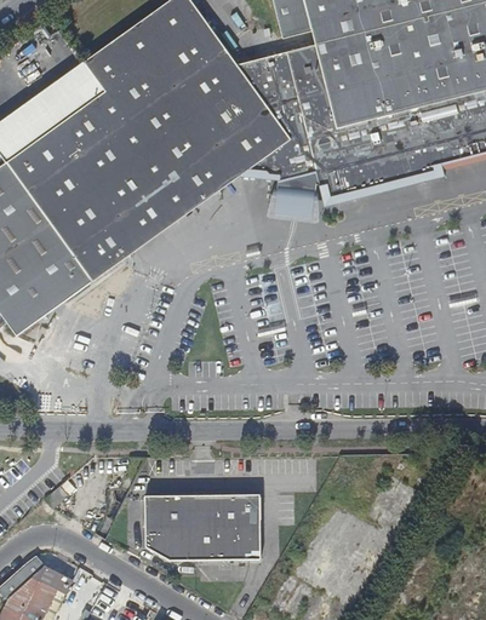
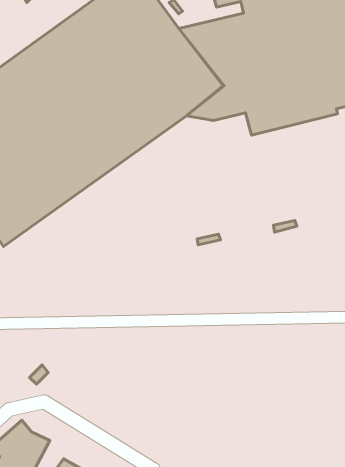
building: [147,493,262,558] -> none

